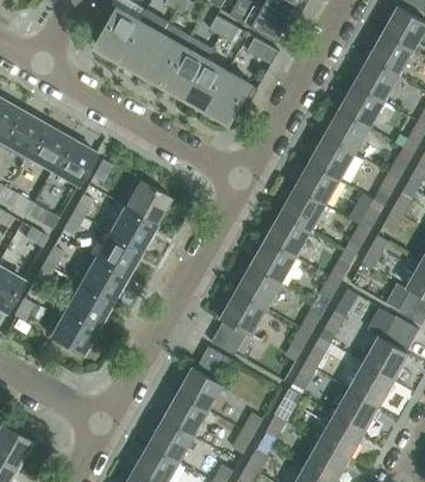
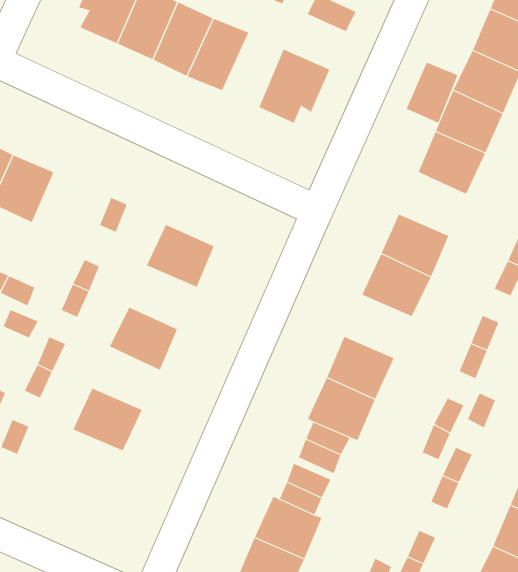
building: [185,58,227,108] -> none
building: none -> [406,62,458,123]
building: [50,138,94,184] -> none
building: [293,162,339,206] -> none
building: [108,206,155,250] -> none
building: [249,239,295,283] -> none
building: [79,257,125,301] -> none
building: [49,309,95,355] -> none

